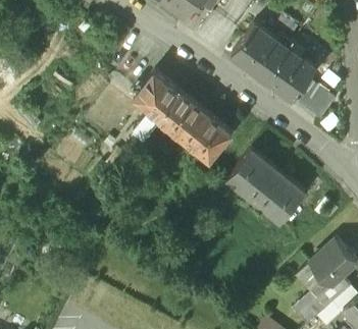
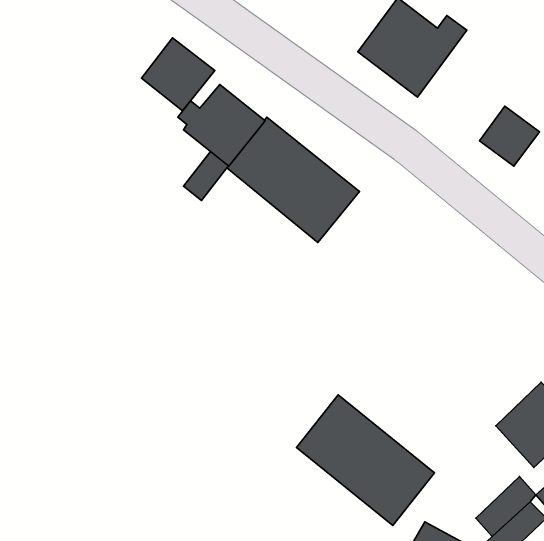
building: [265,42,315,99] -> none
building: none -> [142,38,215,111]
building: [226,149,304,222] -> [296,395,434,525]

